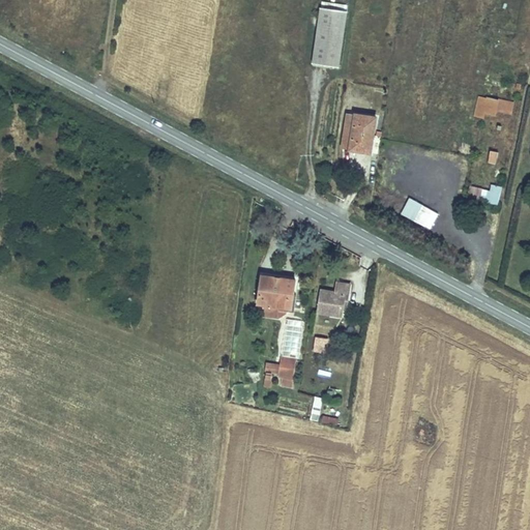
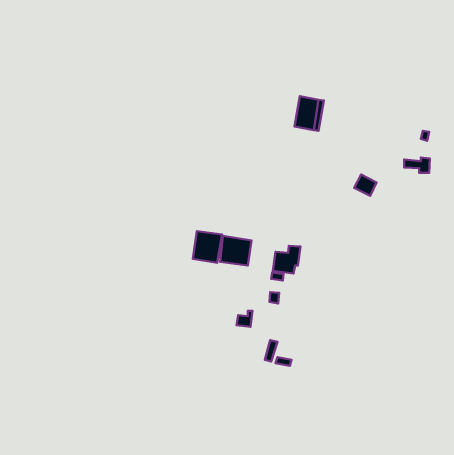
building: [312,8,345,67] -> none
building: [475,97,514,119] -> none
building: none -> [193,231,222,263]

